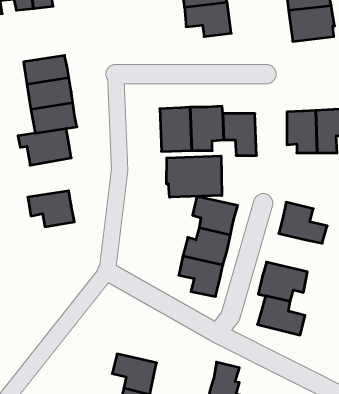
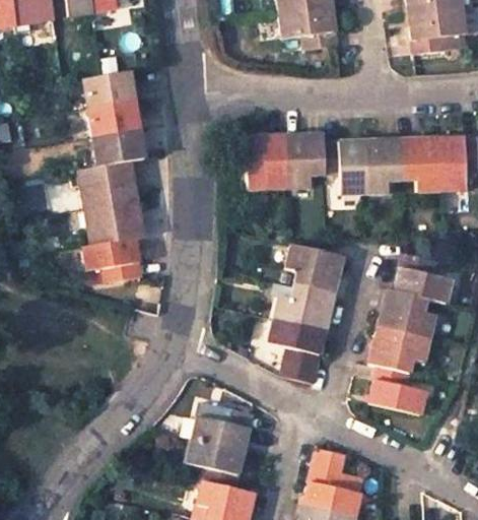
building: none -> [365,139,405,193]
building: [167,156,222,197] -> none
building: none -> [81,196,143,245]
building: none -> [380,288,437,337]
building: none -> [195,403,251,450]

